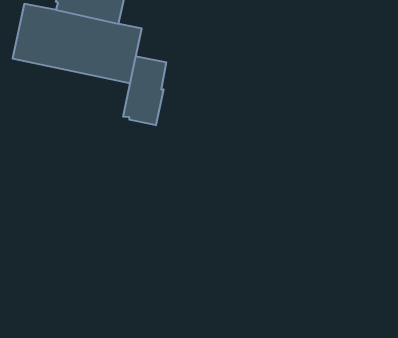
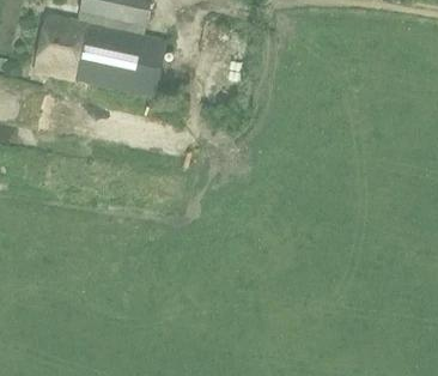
building: [123,56,166,125] -> none

